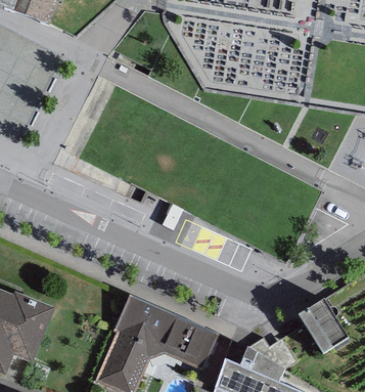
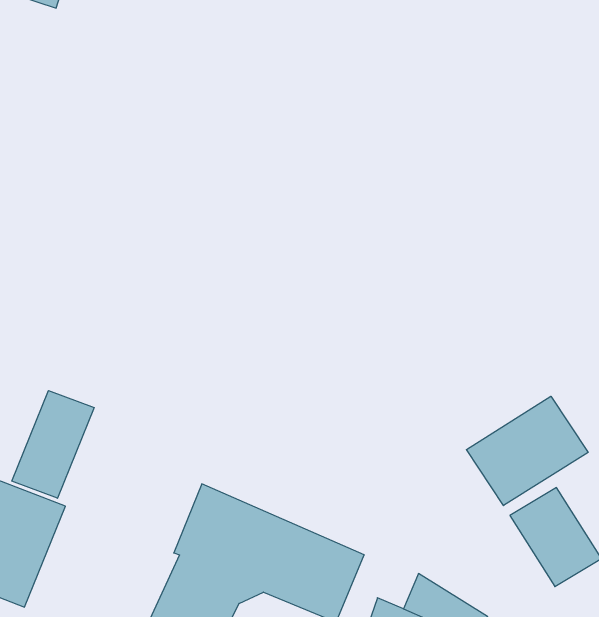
building: none -> [12,391,94,498]
building: none -> [466,396,588,506]

